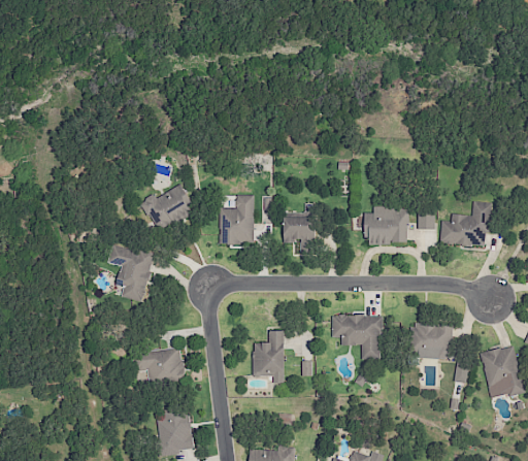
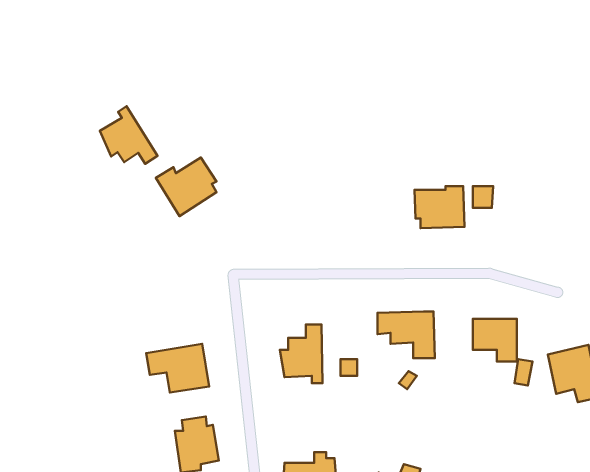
building: none -> [100,106,158,164]
building: [219,195,254,244] -> none
building: [441,200,492,244] -> none
building: [284,211,317,253] -> none
building: [108,245,152,300] -> none

